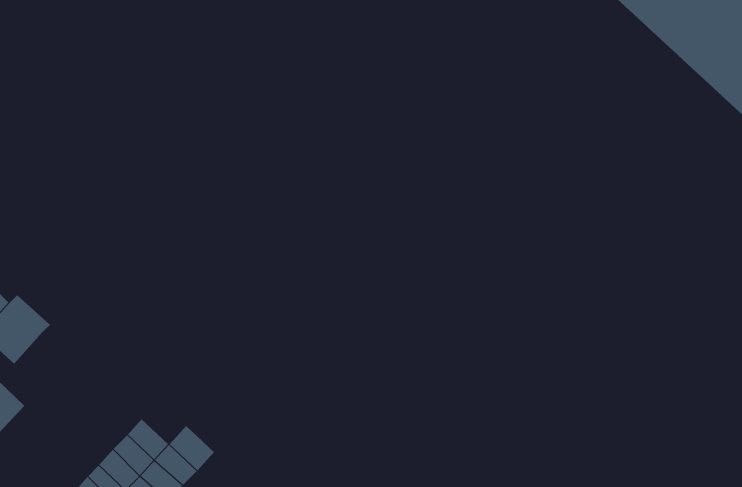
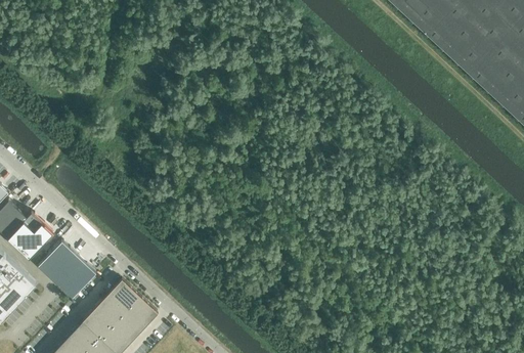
building: none -> [38,241,96,299]
building: none -> [111,280,139,309]

